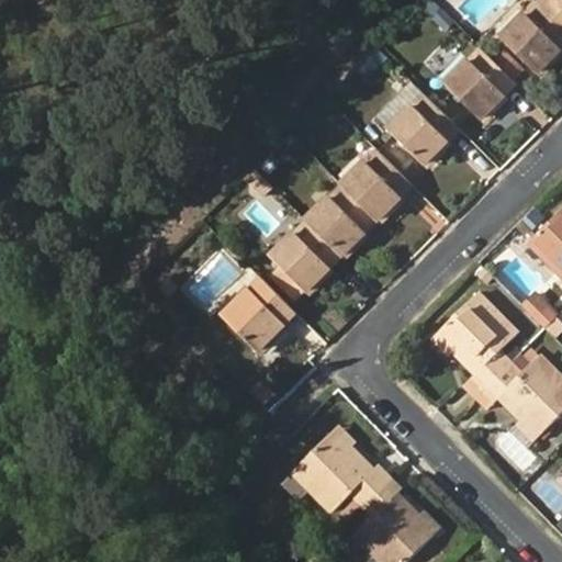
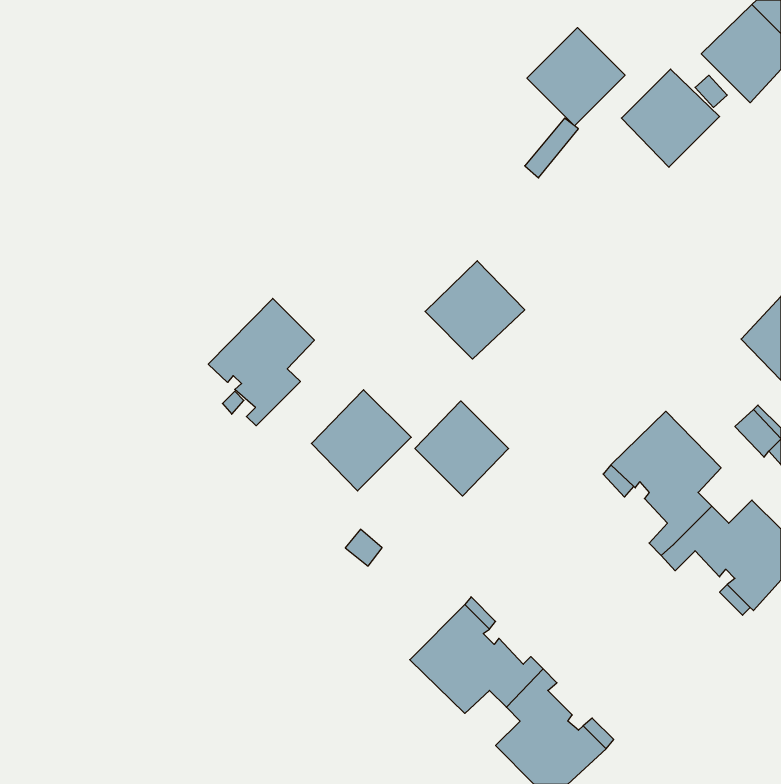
building: [389,94,459,165] -> [527,28,625,126]
building: [341,153,411,222] -> none
building: none -> [208,298,314,426]
building: [271,223,338,291] -> [415,401,509,496]

